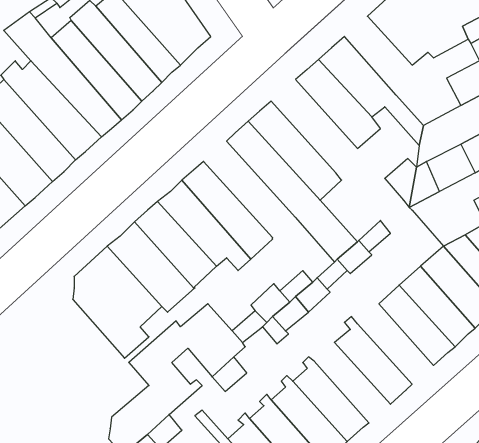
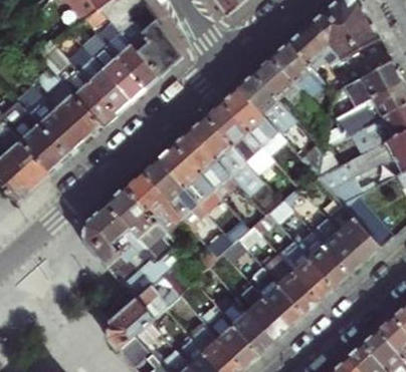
building: none -> [272,43,325,98]
building: none -> [221,87,282,152]
building: none -> [174,130,238,198]
building: none -> [281,233,335,300]
building: none -> [251,266,304,327]

